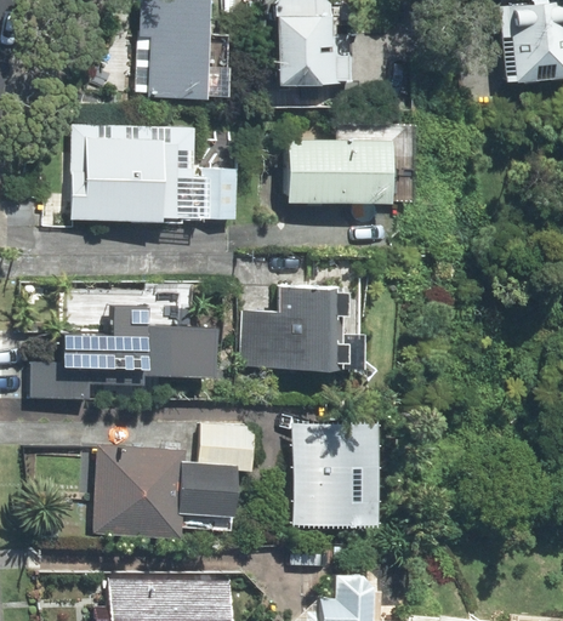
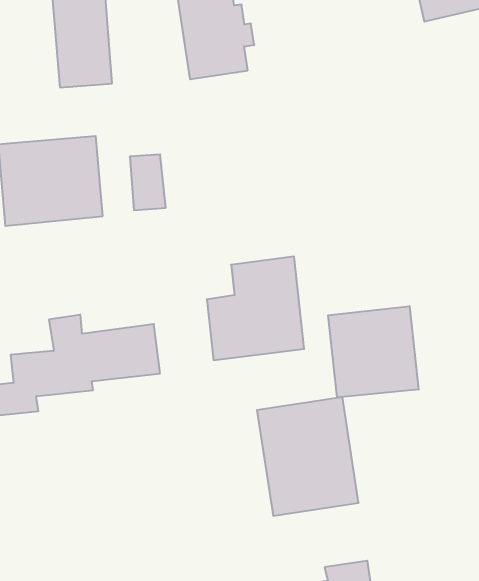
building: [286,143,388,200] -> none
building: none -> [328,306,419,397]
building: [96,421,256,539] -> none

